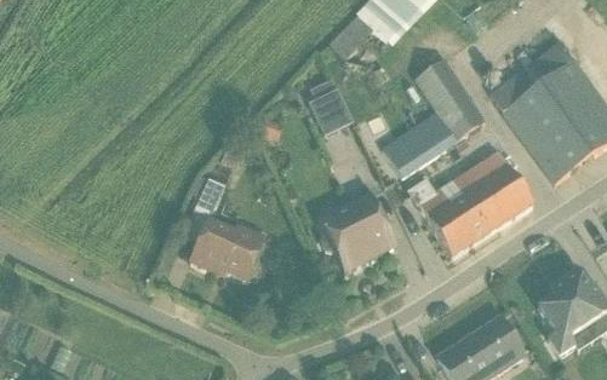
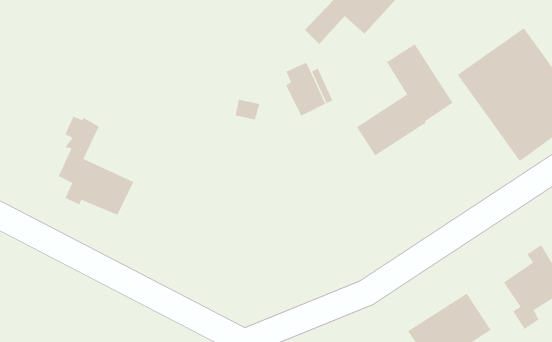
building: [416,151,531,259] -> none
building: [182,178,262,282] -> [58,116,134,216]
building: [316,194,395,274] -> none

